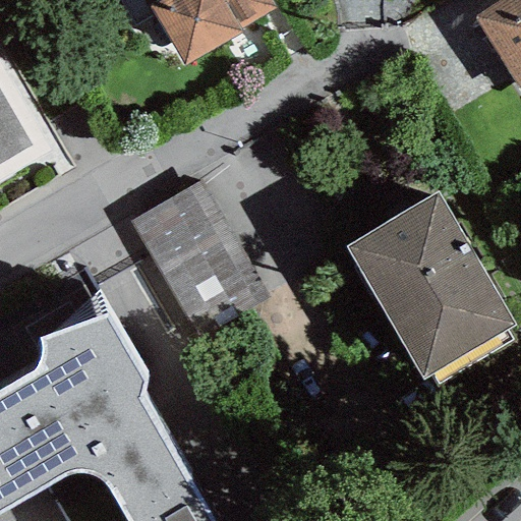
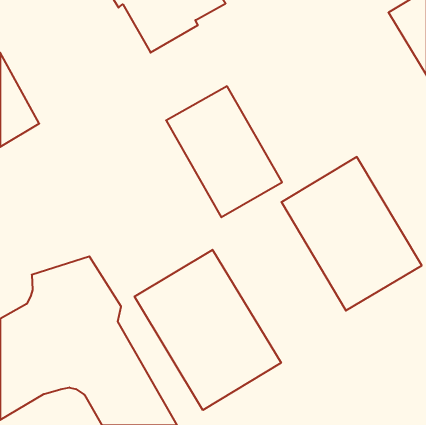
building: [130,177,272,337] -> [166,86,282,217]
building: none -> [135,250,281,410]

